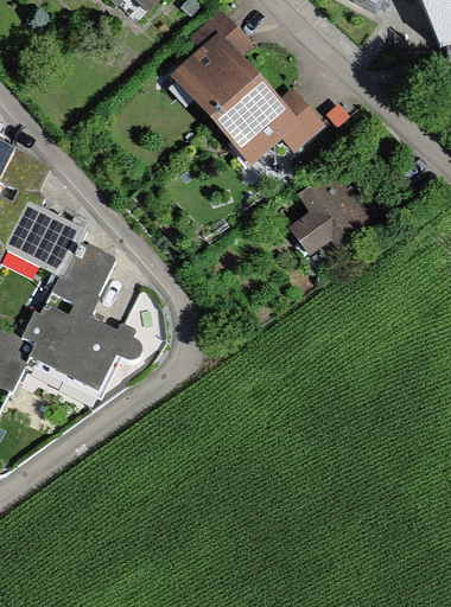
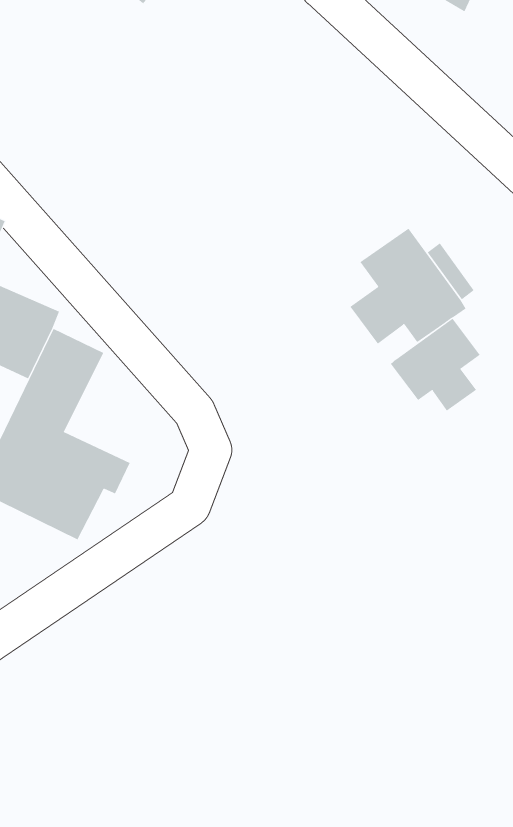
building: [172,12,316,159] -> none
building: none -> [390,318,481,412]

